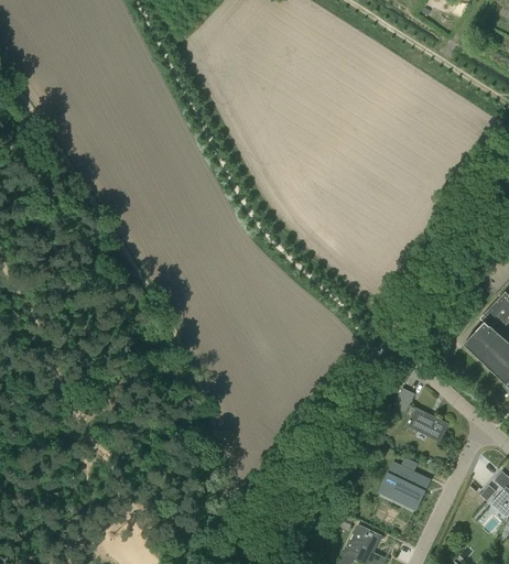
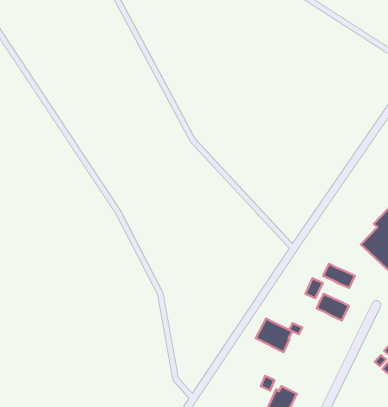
building: none -> [323,264,355,288]
building: [381,464,427,507] -> [256,318,292,352]

